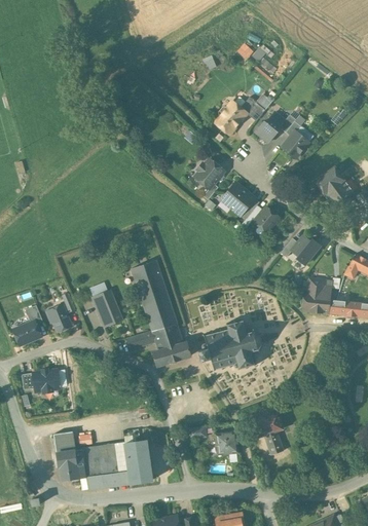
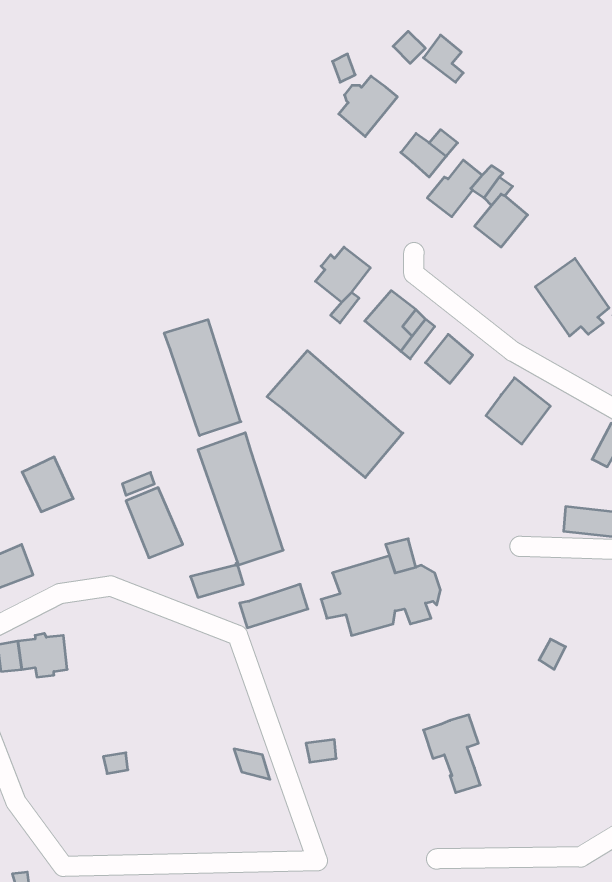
building: [215,102,247,135] -> [339,76,397,137]
building: none -> [164,320,241,436]
building: none -> [267,351,403,478]
building: [302,278,333,313] -> none
building: [45,303,73,333] -> [22,457,73,512]
building: [152,324,183,351] -> none
building: [53,431,152,489] -> none
building: [215,431,238,455] -> none

